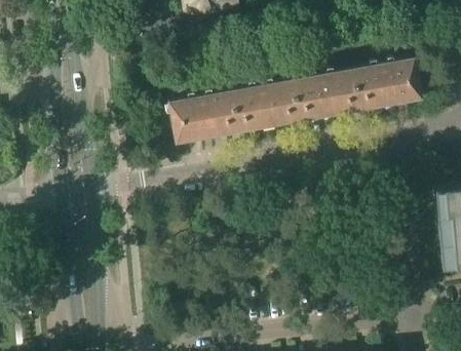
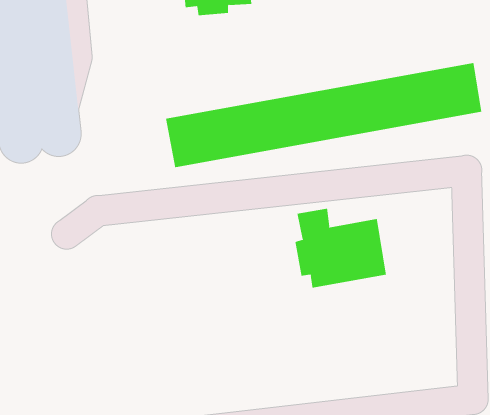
building: none -> [295,208,386,288]

